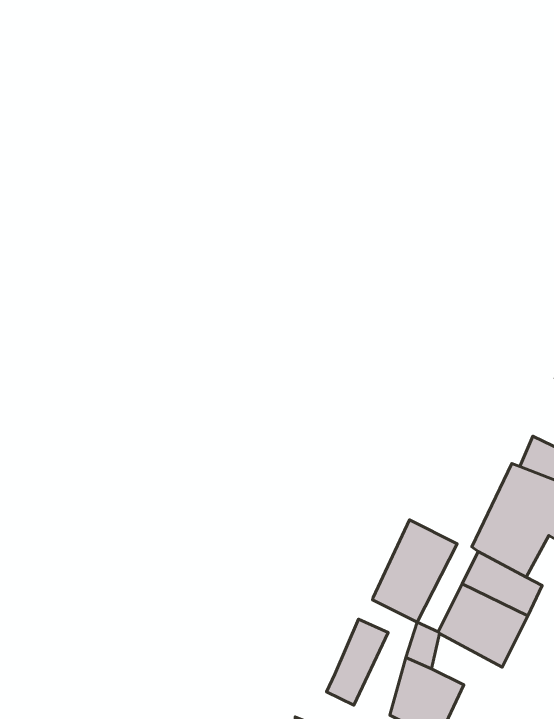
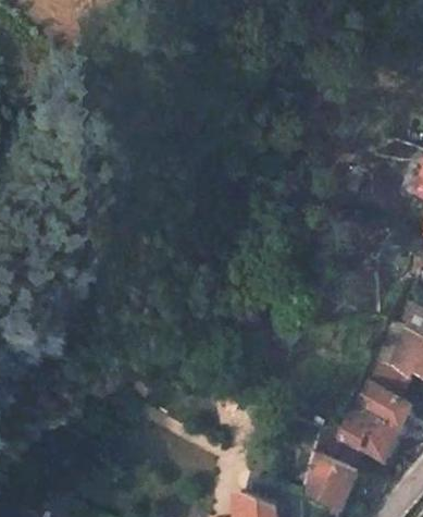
building: [373,520,457,622] -> none
building: [327,619,388,705] -> none

